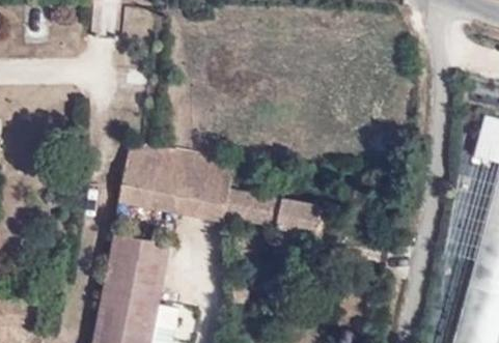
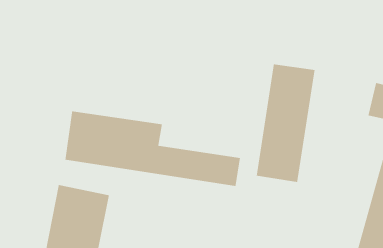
building: none -> [256,64,315,183]

